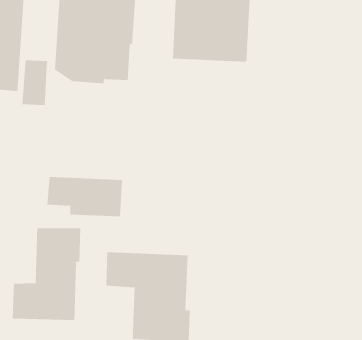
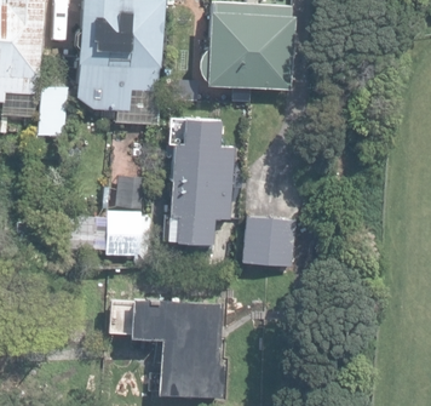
building: none -> [168,119,236,257]
building: none -> [241,216,295,267]
building: [12,228,81,321] -> none

